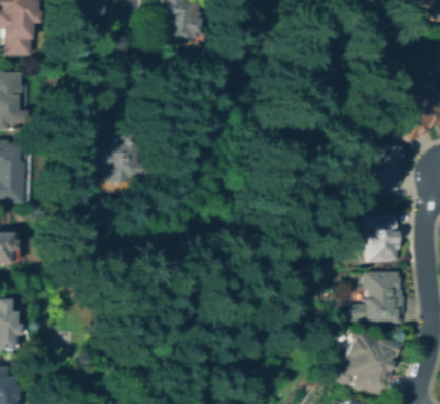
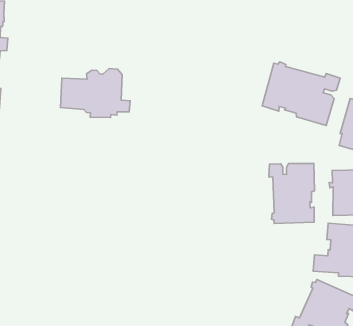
building: none -> [262,62,340,125]
building: none -> [269,163,315,224]

